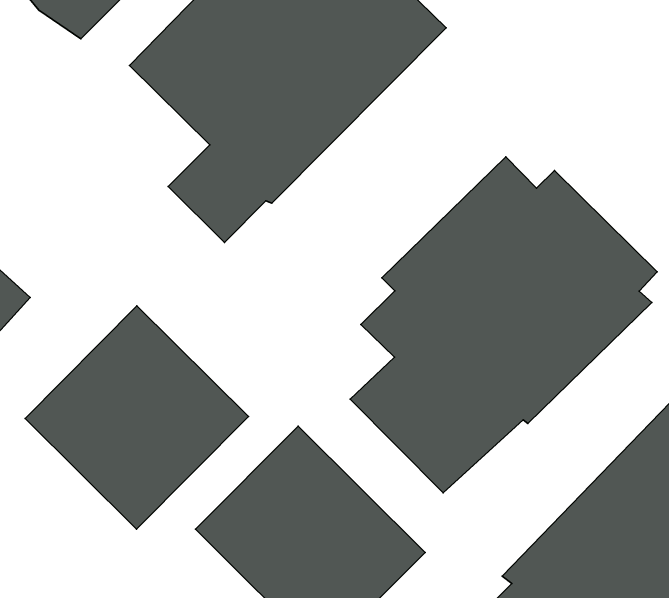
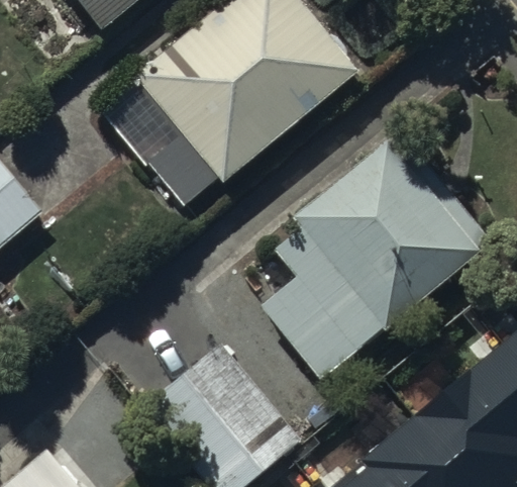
building: [25,306,248,529] -> none

